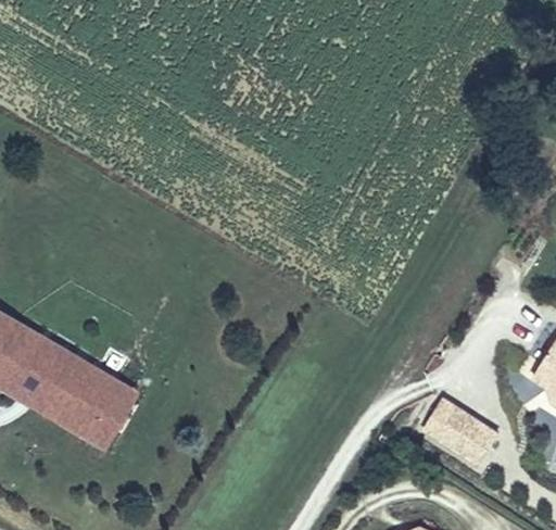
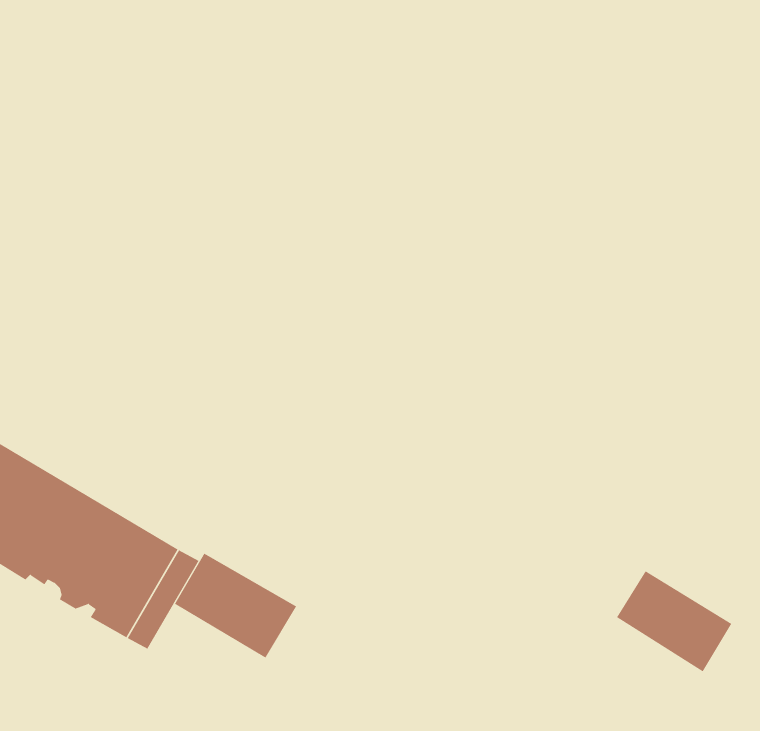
building: none -> [174,553,297,658]

